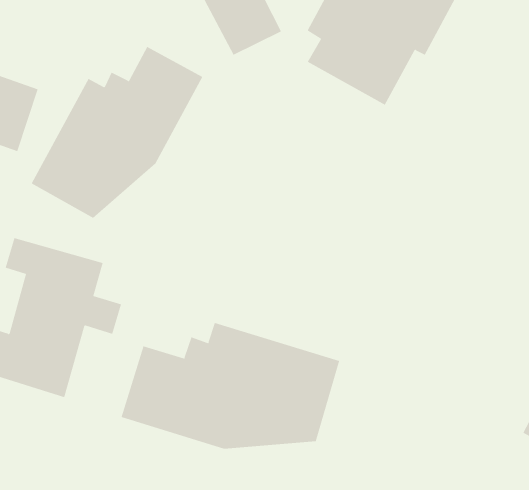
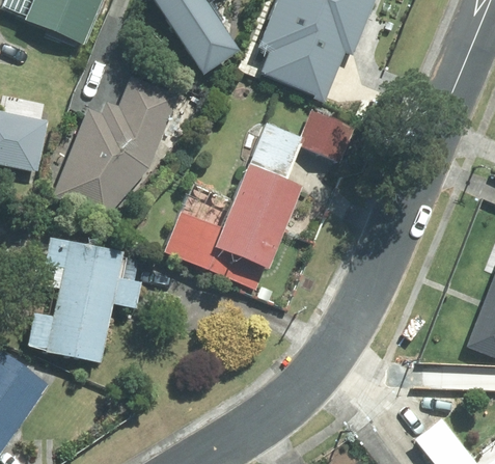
building: none -> [164,110,354,290]
building: [121,322,340,449] -> none

